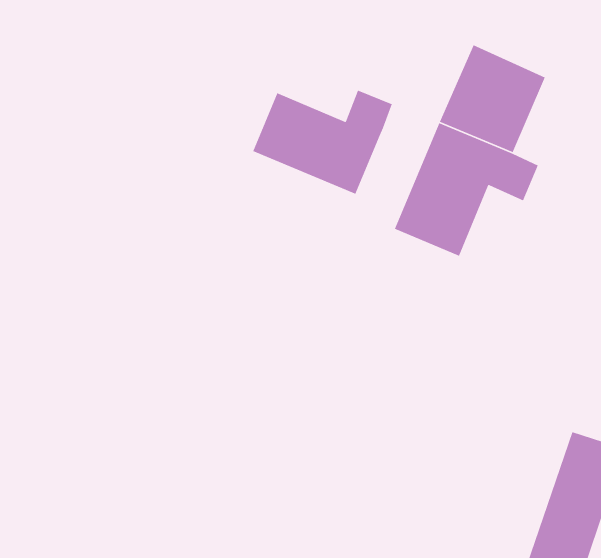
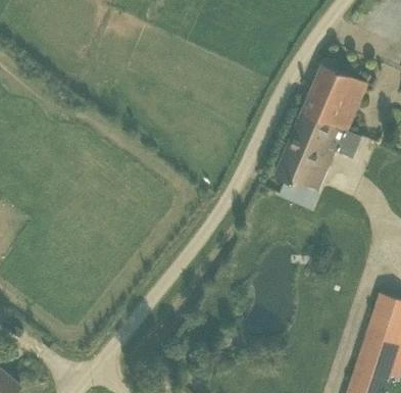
building: [252,89,393,195] -> none

